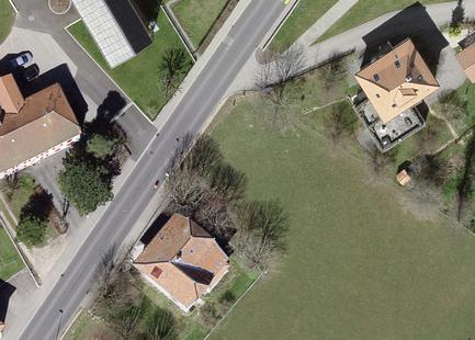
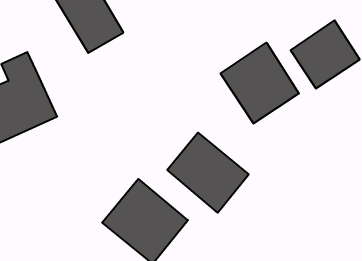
building: none -> [221,43,299,124]
building: none -> [167,133,249,213]

